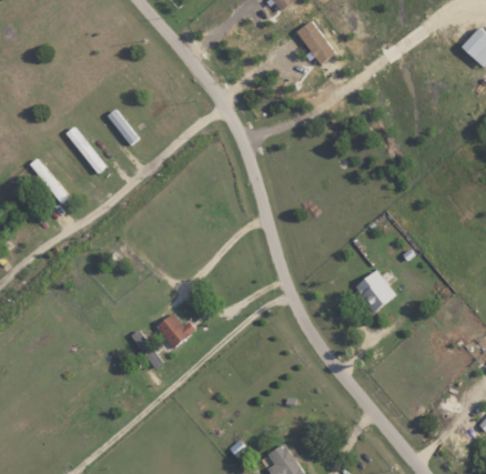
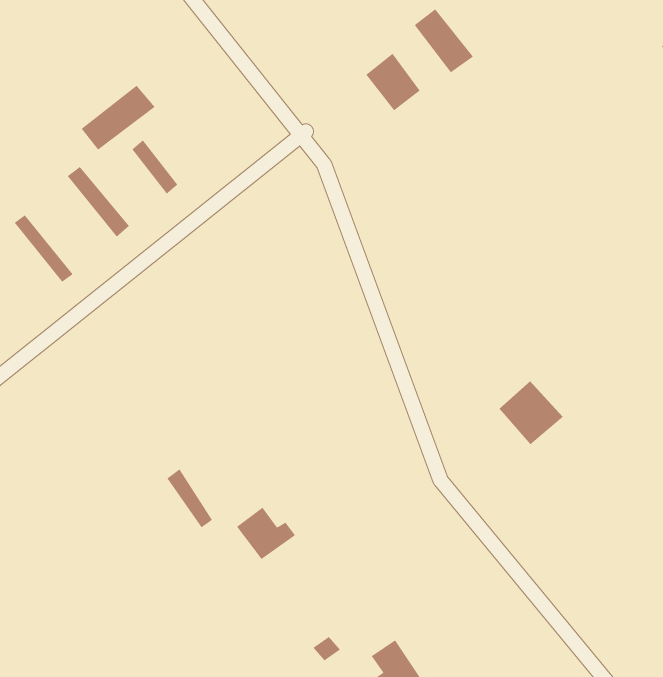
building: none -> [366,53,421,111]
building: none -> [81,85,155,151]
building: [155,312,195,347] -> [236,507,296,560]

